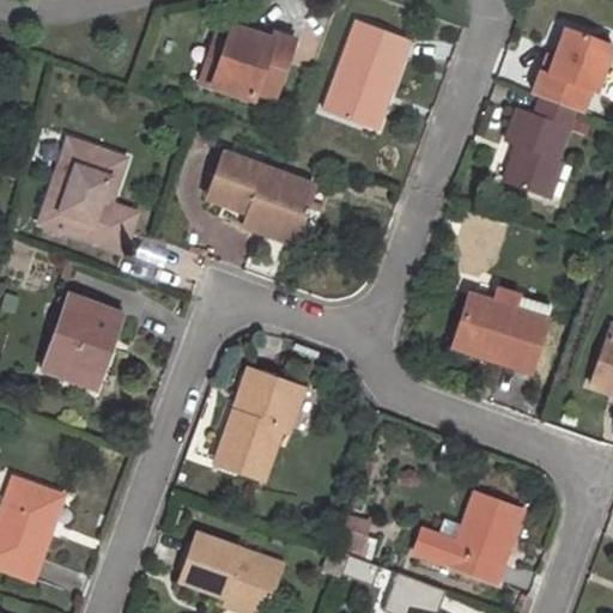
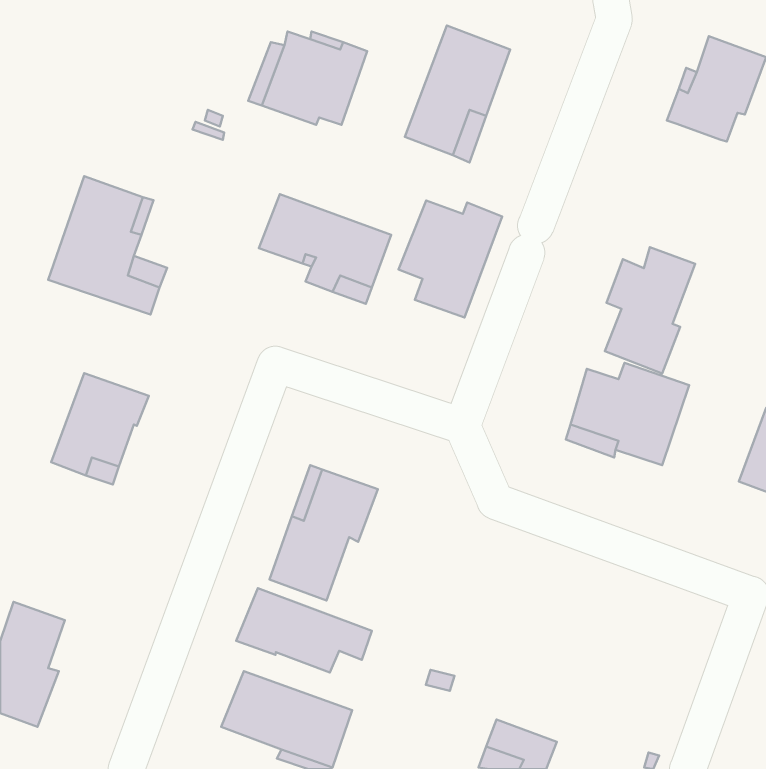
building: [504,98,576,199] -> [605,247,695,374]
building: none -> [399,200,502,318]
building: none -> [236,588,372,673]
building: [415,493,522,581] -> none

